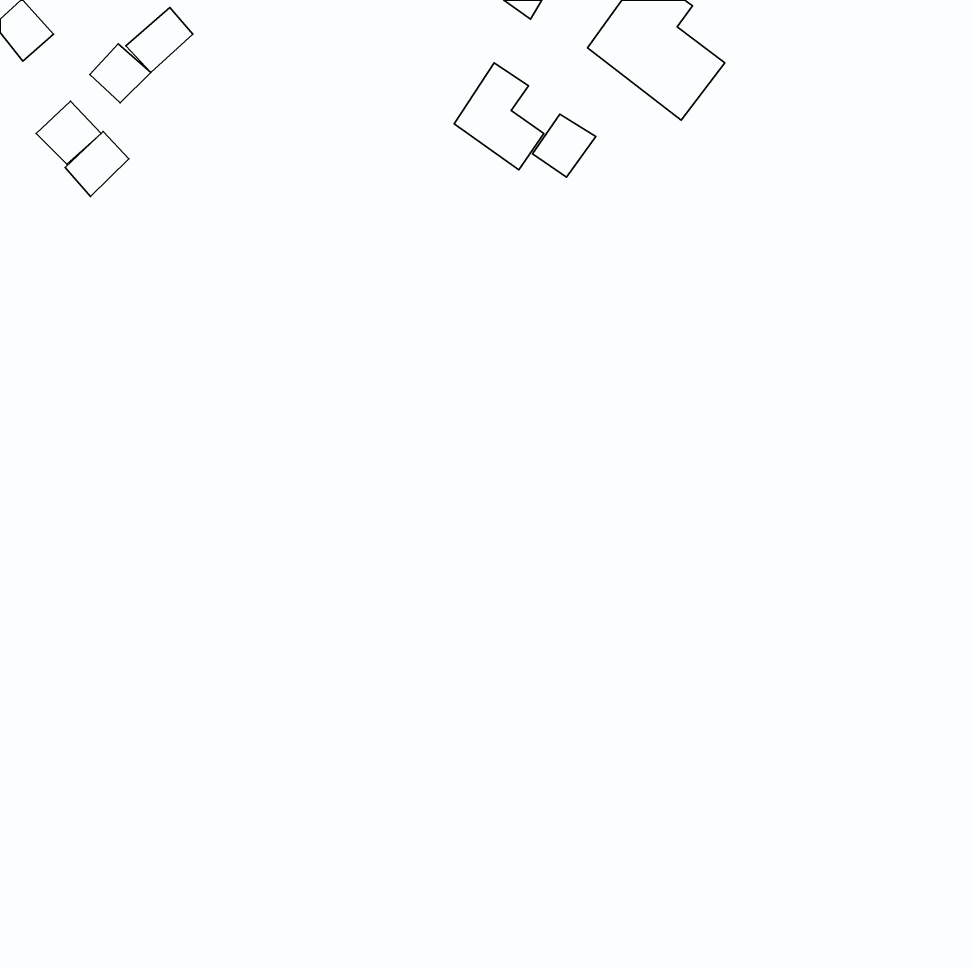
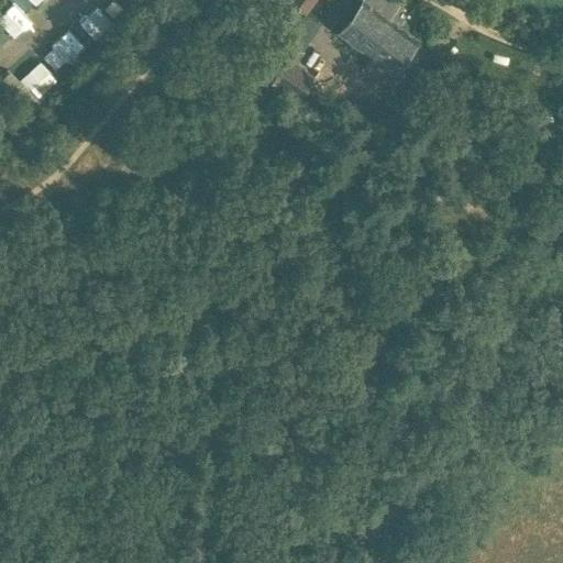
building: [532,114,596,177] -> none
building: [65,132,129,196] -> none

